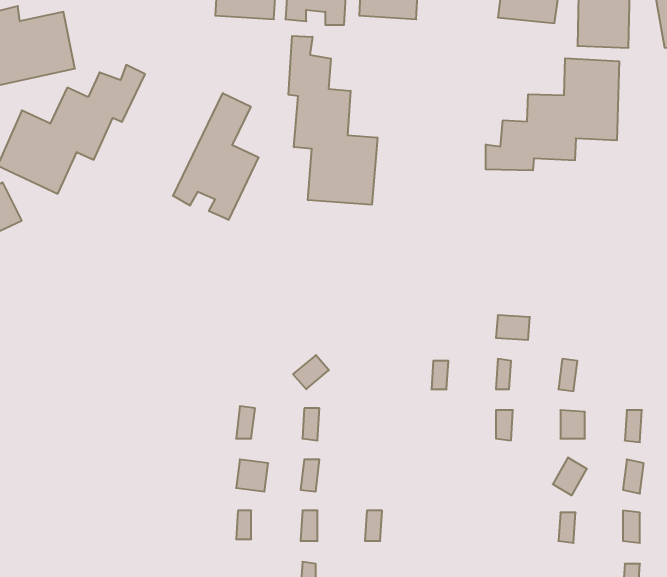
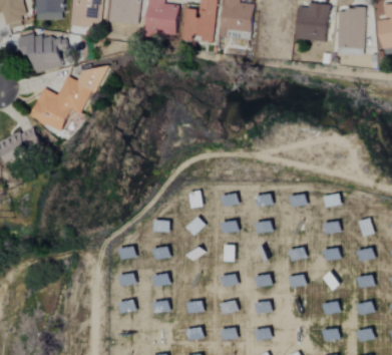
building: [288,36,378,205] -> none
building: [486,58,619,170] -> none
building: [173,93,258,220] -> none

